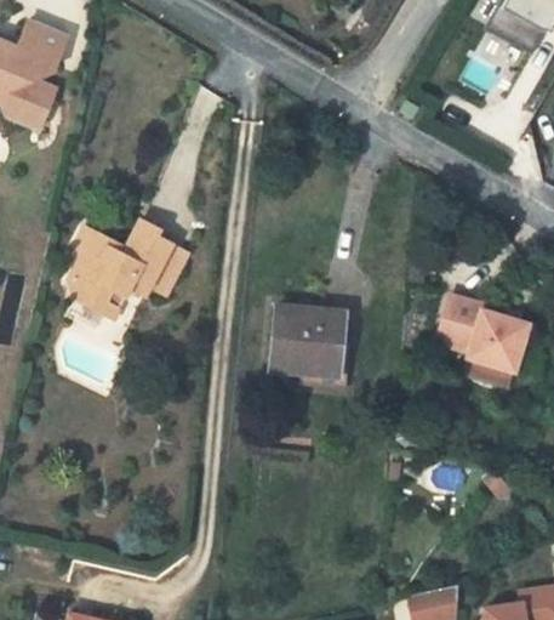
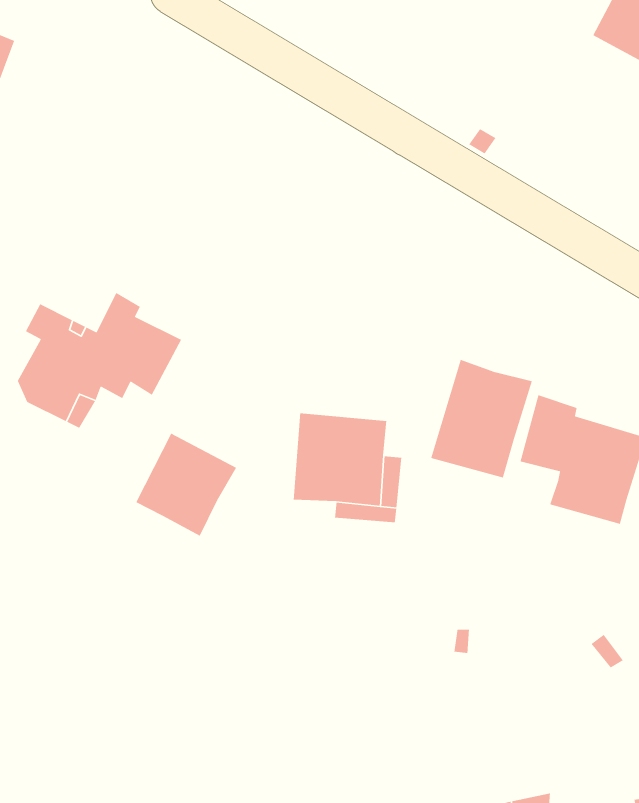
building: none -> [430,359,533,478]
building: none -> [135,433,237,537]

